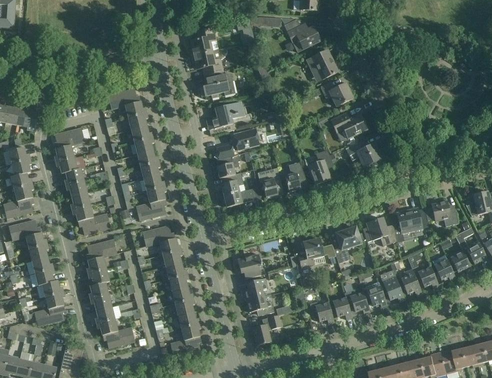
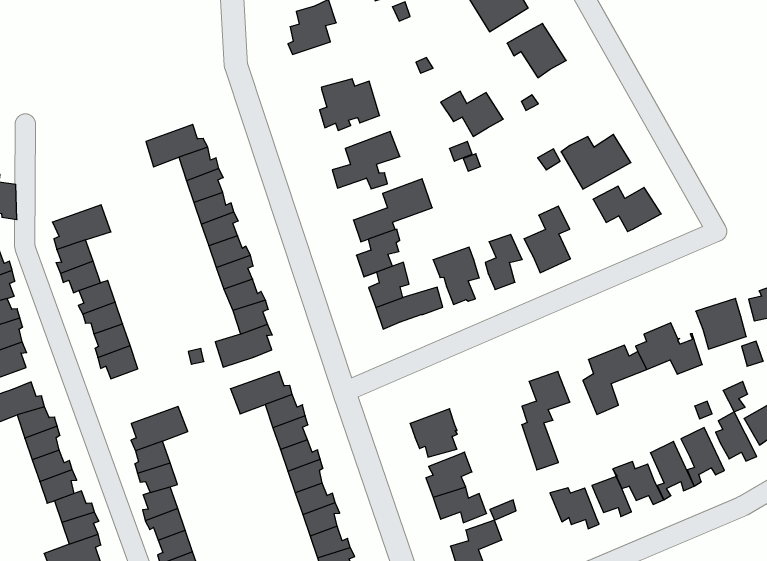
building: [191,47,227,75] -> none
building: [320,81,353,106] -> [441,91,503,137]
building: [78,213,110,234] -> none

